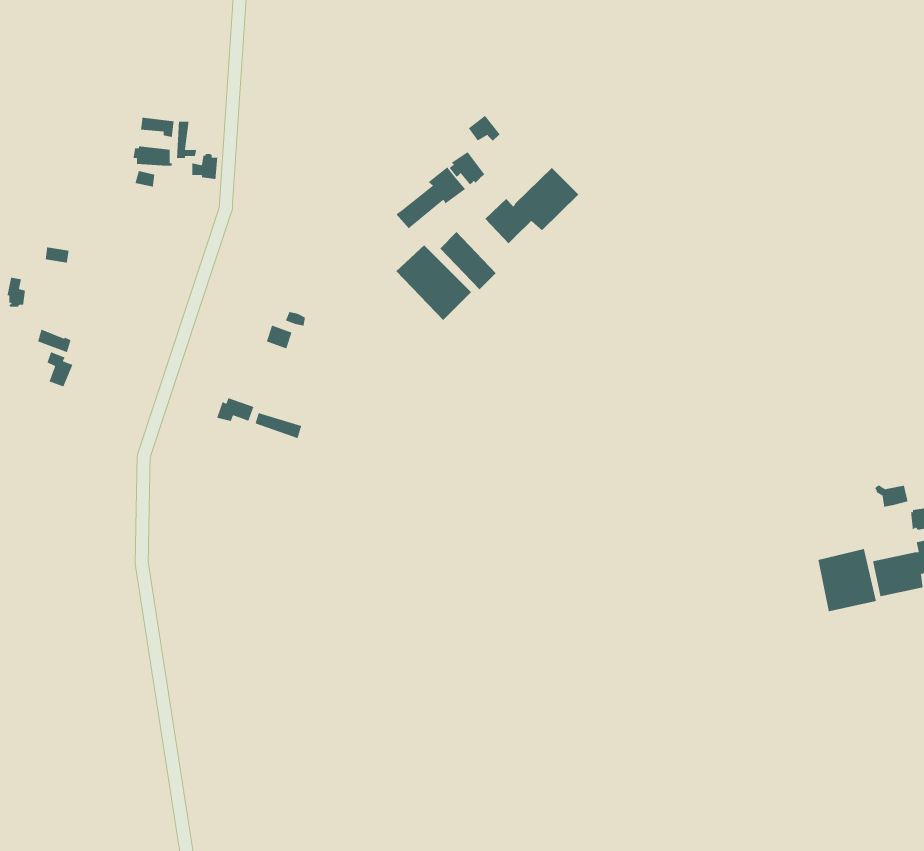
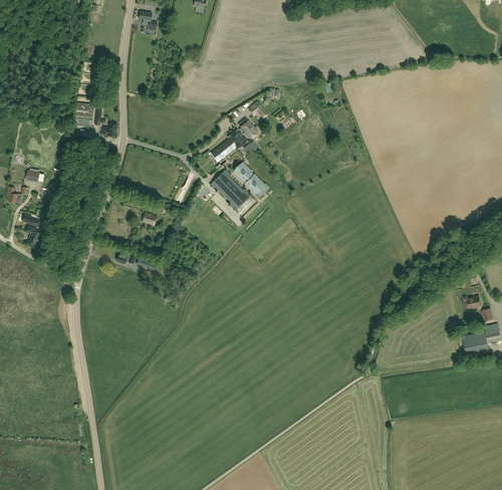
building: [485,167,579,244] -> none
building: [818,548,877,612] -> none

